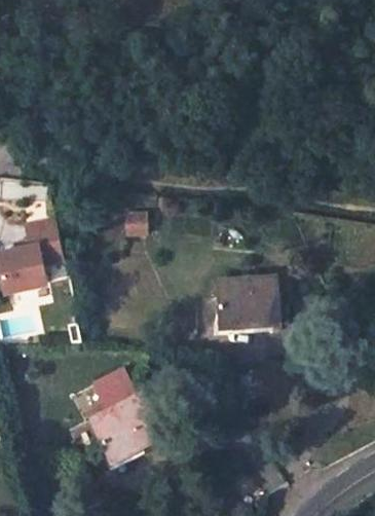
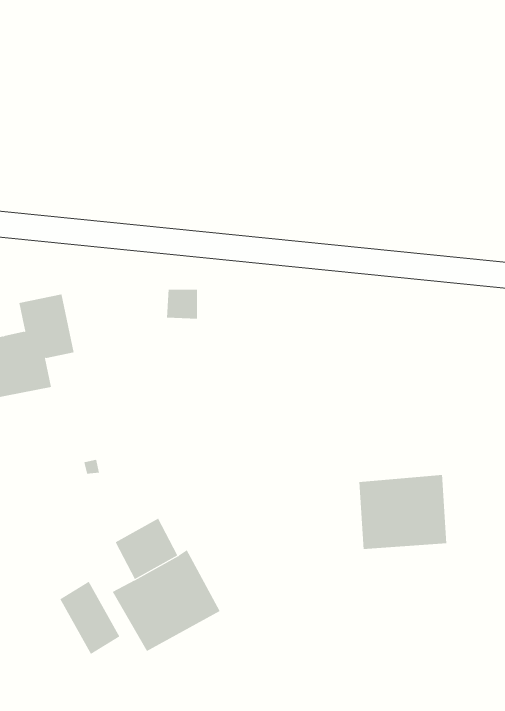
building: [218,278,278,329] -> [358,474,447,550]
building: none -> [60,581,120,655]

